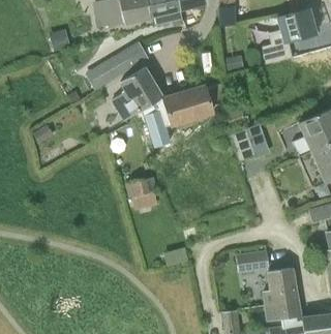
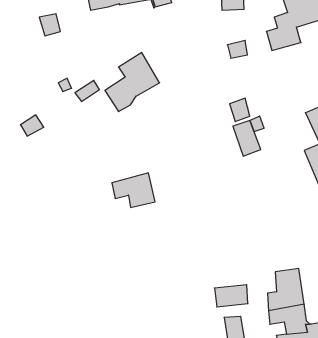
building: [88,43,148,88] -> none
building: [136,83,223,129] -> none
building: [237,251,268,272] -> [214,285,248,307]

